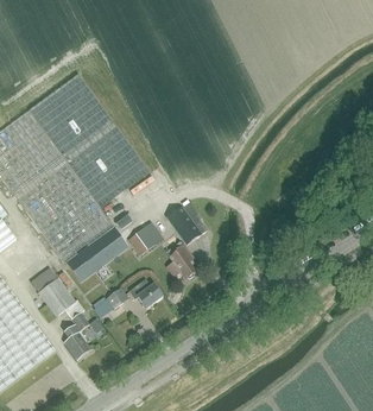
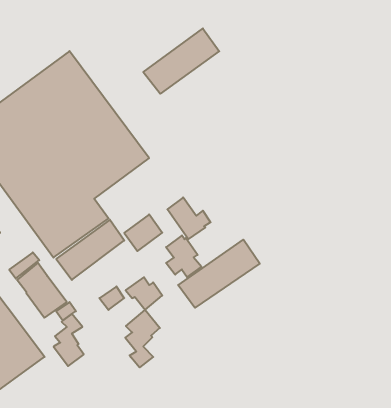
building: none -> [143,28,219,94]
building: none -> [178,240,260,308]
building: none -> [125,310,160,367]

